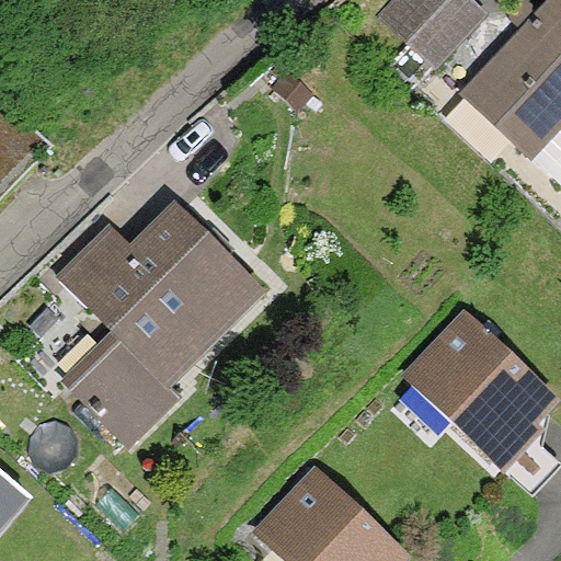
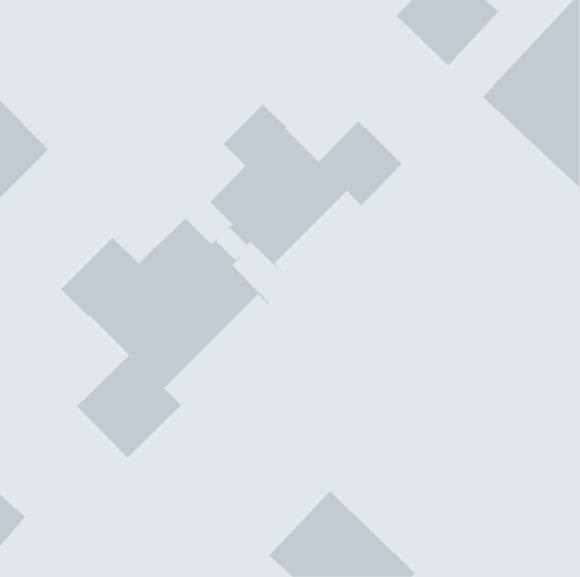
building: none -> [210,103,402,273]
building: [409,317,550,458] -> none

